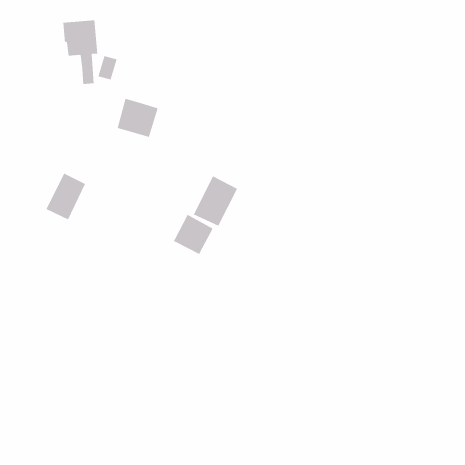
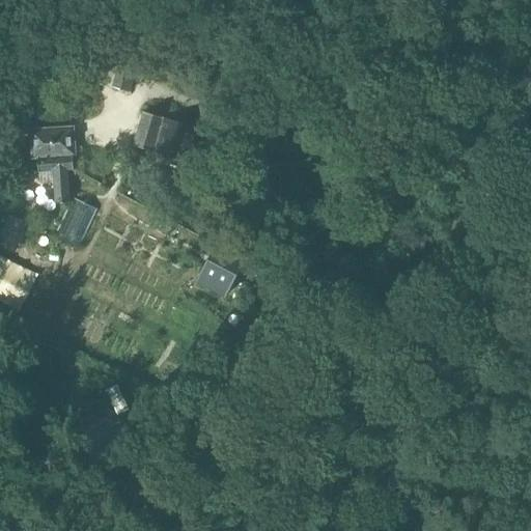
building: [62,20,98,84] -> [31,130,72,203]
building: [193,175,238,226] -> none

